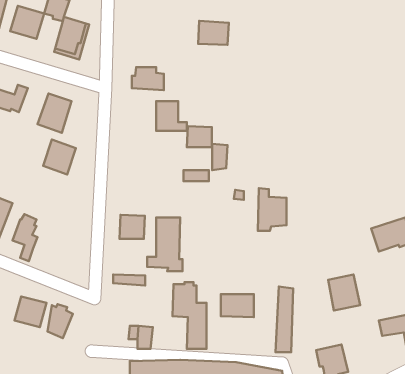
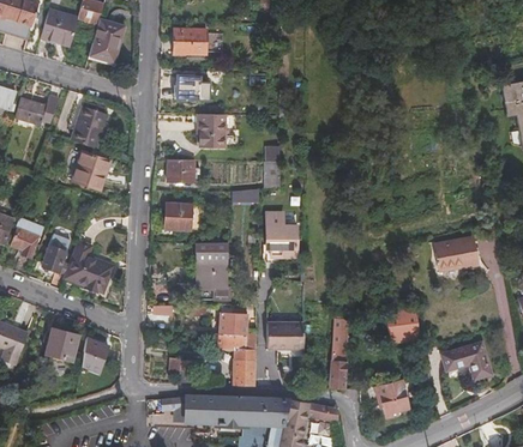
building: [198,21,229,45] -> [175,28,209,54]
building: [187,126,212,147] -> [169,158,197,181]
building: [258,188,286,231] -> [265,216,296,262]
building: [120,215,145,239] -> [167,201,194,228]
building: none -> [66,241,113,288]

